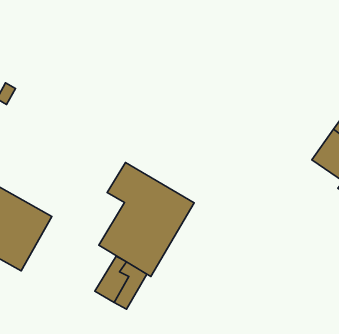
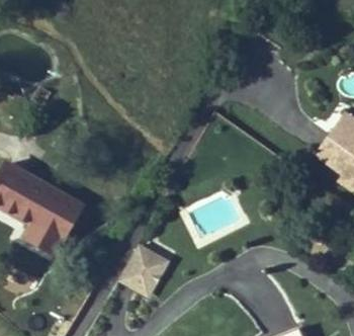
building: [99,162,194,276] -> none

